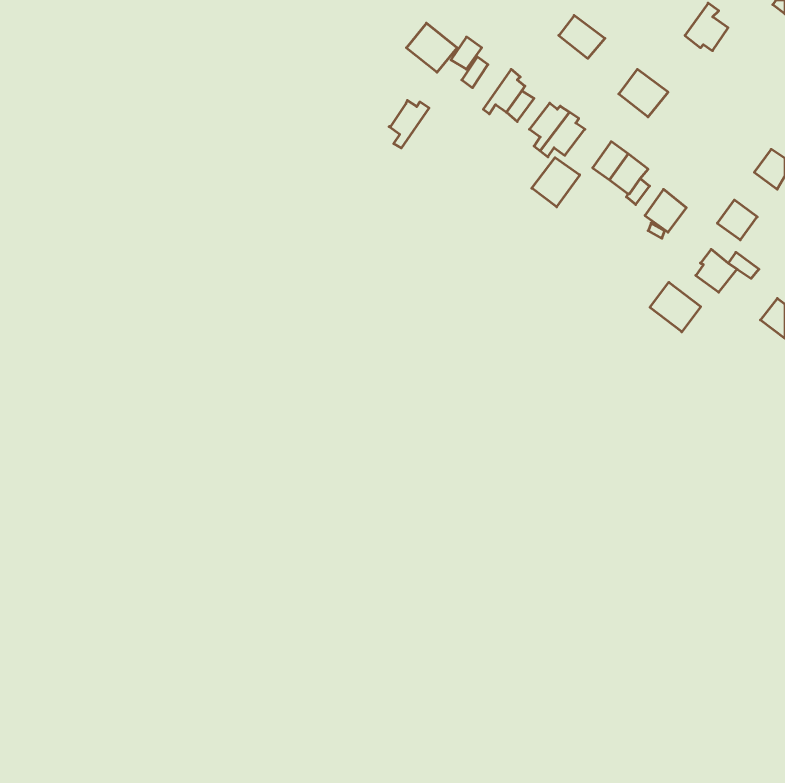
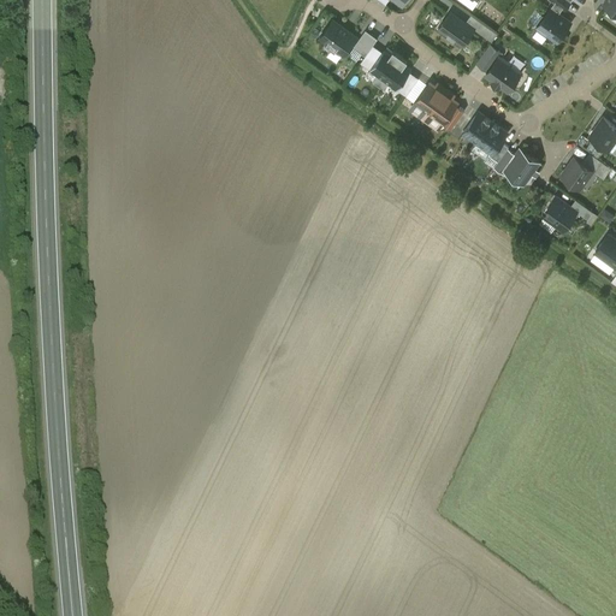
building: [389,100,429,148] -> [368,51,399,88]
building: [532,158,580,207] -> none
building: [650,282,701,332] -> none

